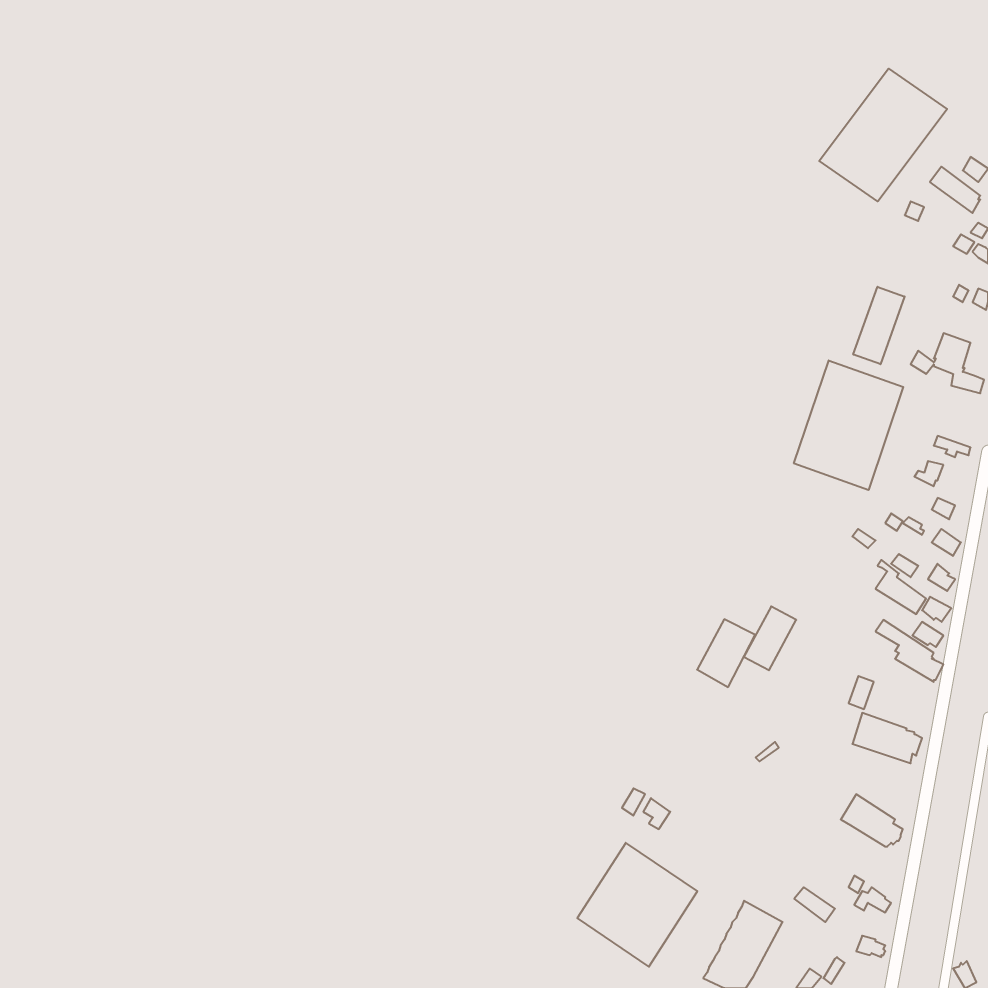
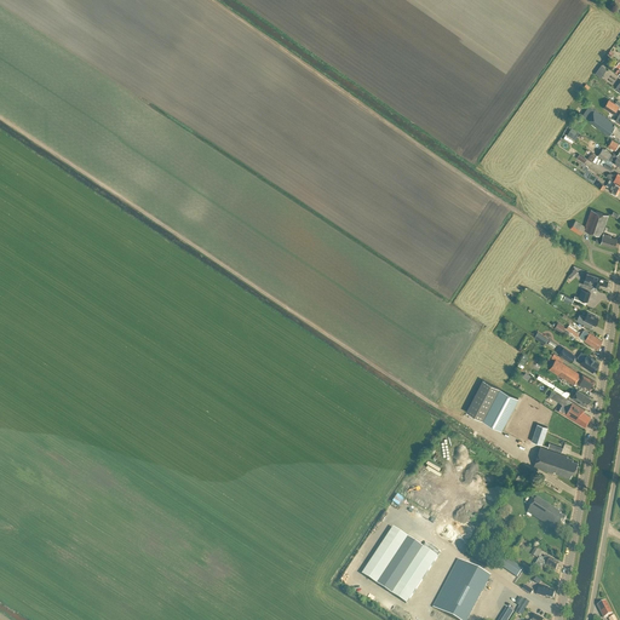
building: [819,69,947,201] -> none
building: [853,287,905,364] -> none
building: [794,360,903,490] -> none
building: [697,619,755,687] -> [481,388,517,430]

